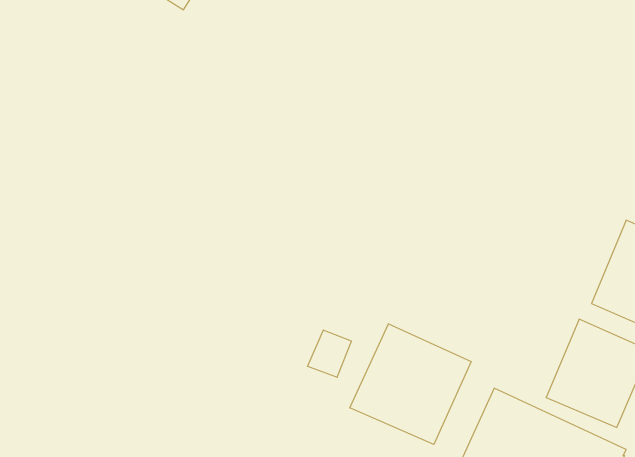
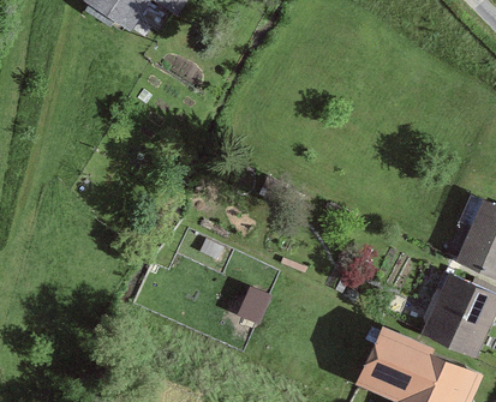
building: [350,324,471,444] -> none

